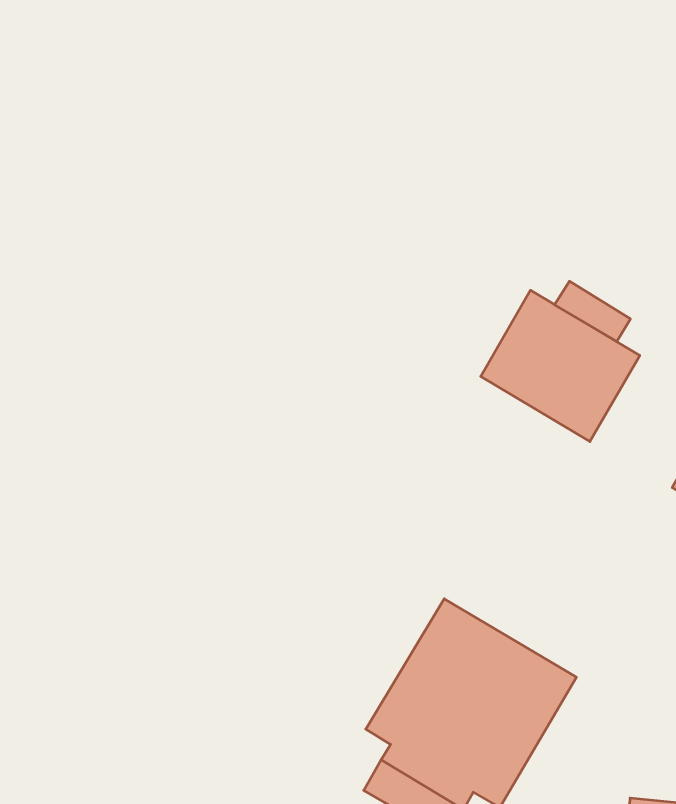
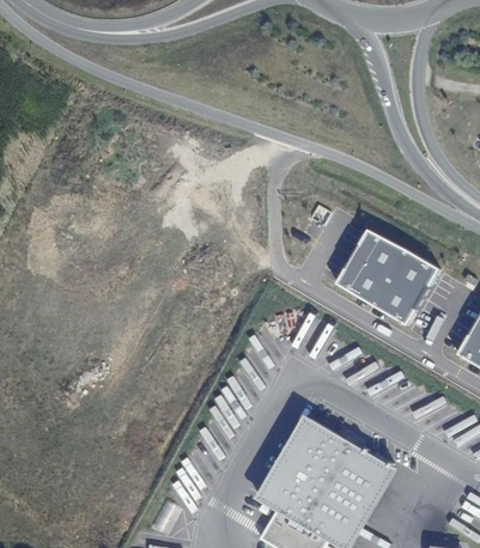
building: [555,281,630,342] -> none

